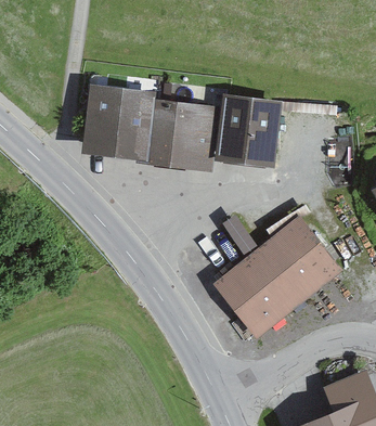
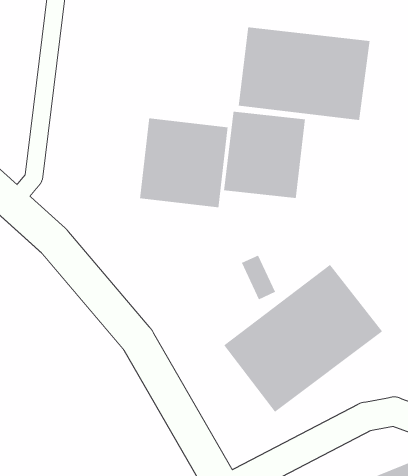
building: none -> [238,27,370,121]
building: [83,87,153,157] -> none

